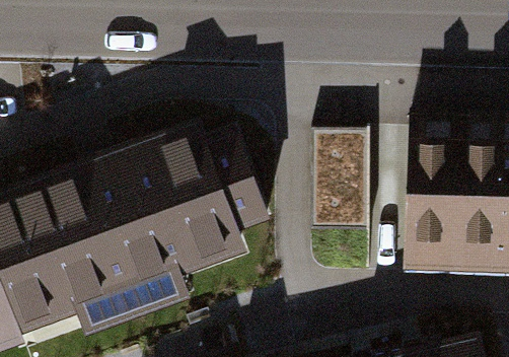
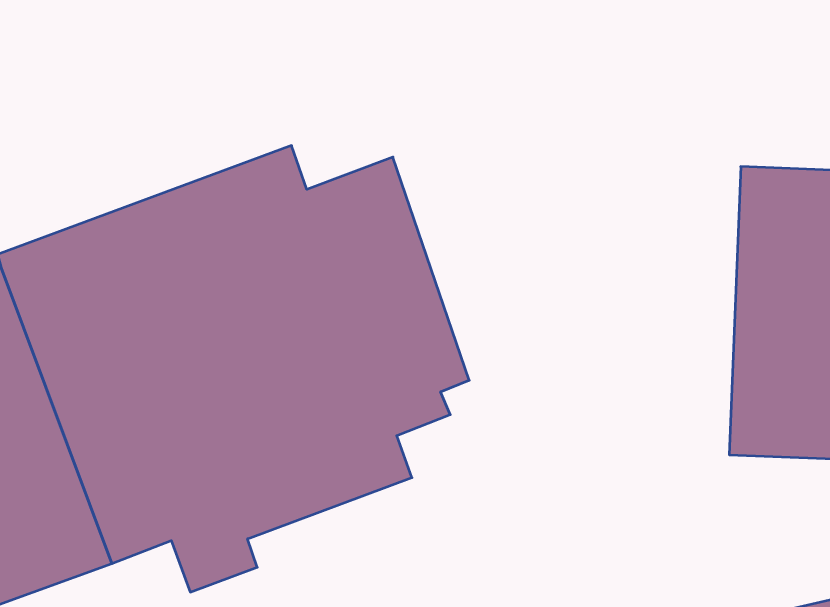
building: [313,136,367,233] -> none

